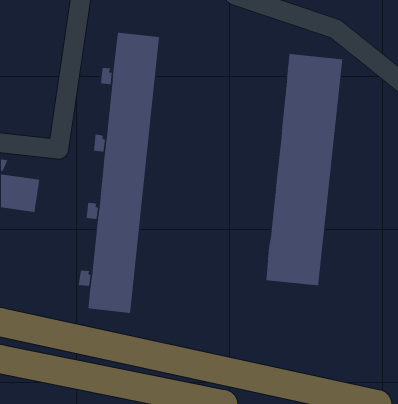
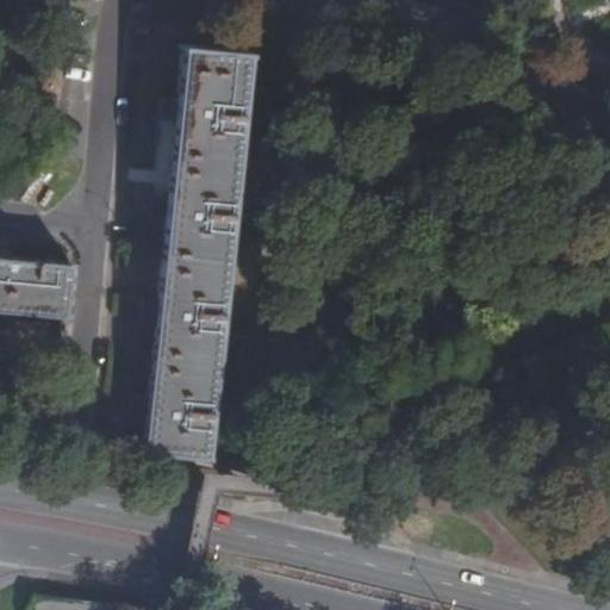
building: [266,53,343,286] -> none

